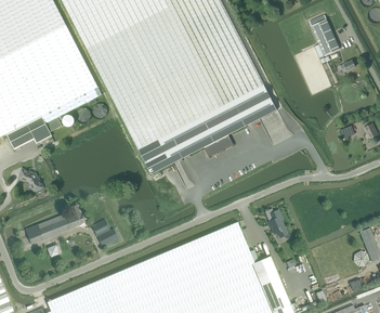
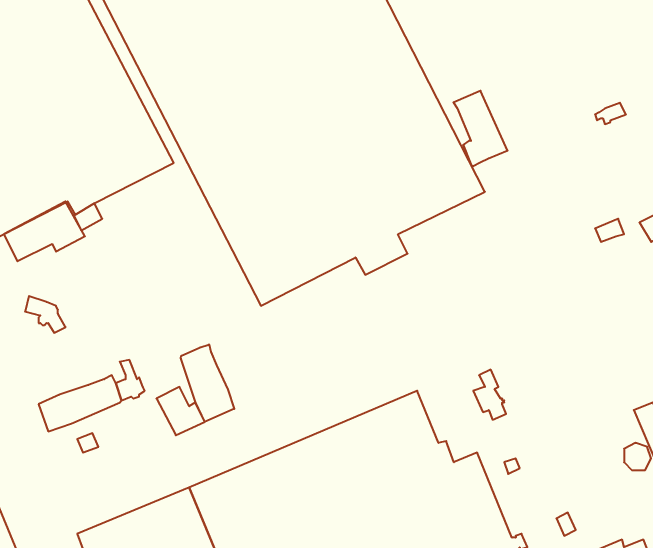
building: [309,15,339,57] -> [453,91,508,166]
building: none -> [181,344,234,422]

